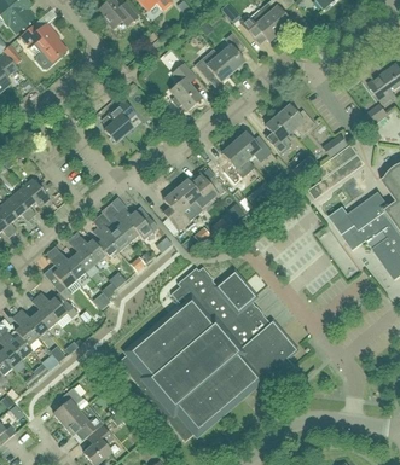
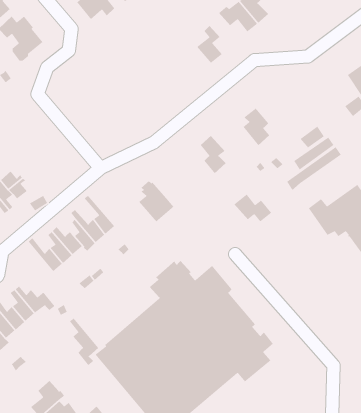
building: [196,48,233,81] -> none
building: [170,63,202,110] -> none
building: [105,99,135,141] -> none
building: [278,104,315,133] -> none
building: [233,132,272,161] -> [233,193,272,222]
building: [175,172,220,214] -> none
building: [111,196,158,239] -> none
building: [46,249,76,297] -> [69,318,99,366]

